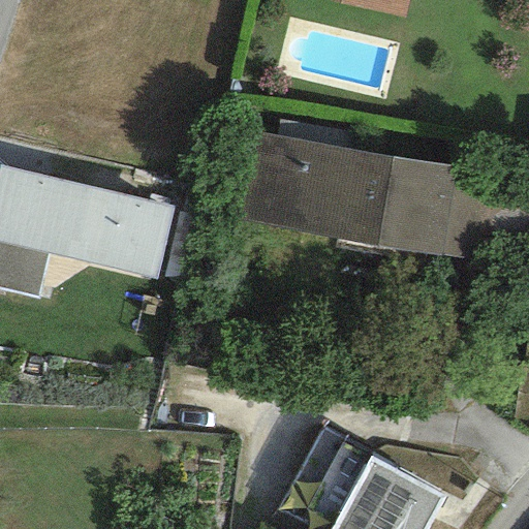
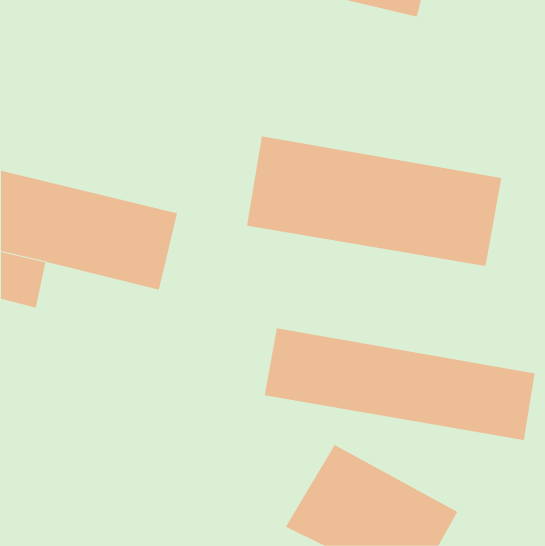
building: none -> [264,327,535,441]

